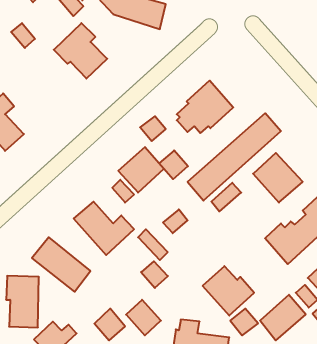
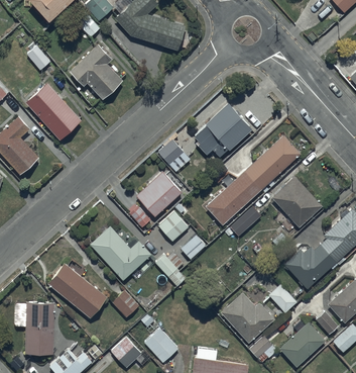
building: none -> [25,83,82,142]
building: [159,150,188,179] -> [158,212,188,242]
building: none -> [268,284,298,313]
building: [141,261,168,288] -> [112,290,139,317]

